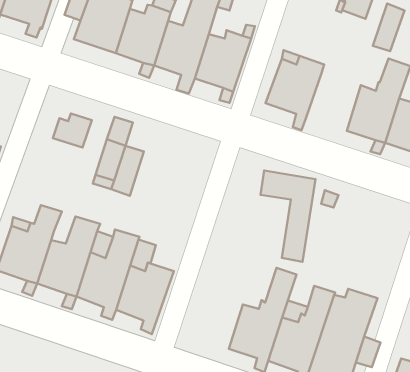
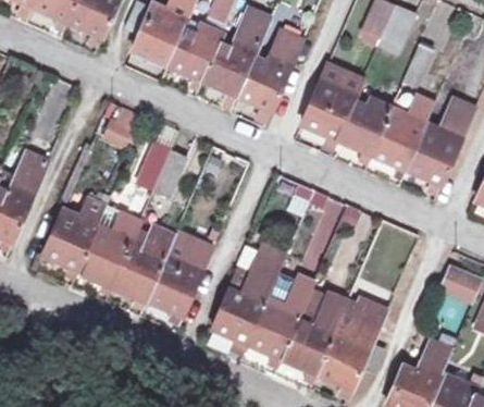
building: none -> [336,98,392,162]
building: none -> [211,245,285,352]

